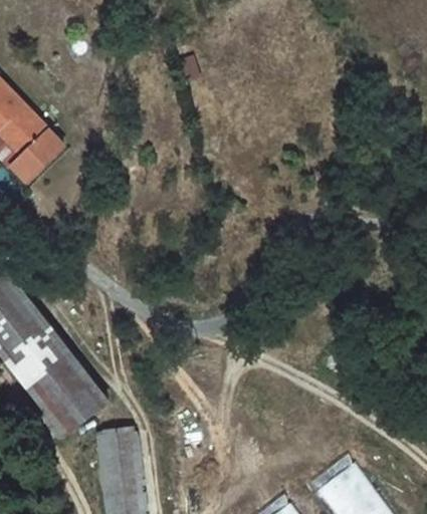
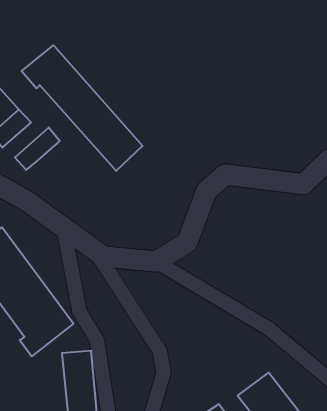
building: none -> [22,45,143,171]
building: none -> [15,127,60,170]

